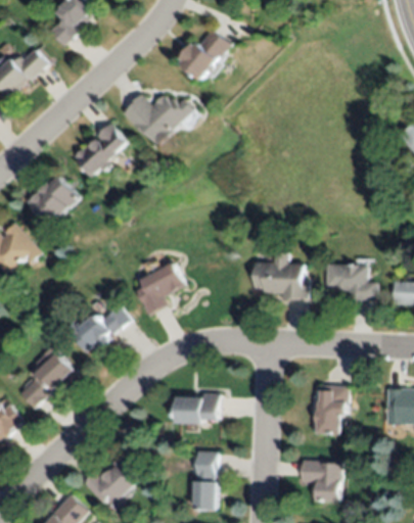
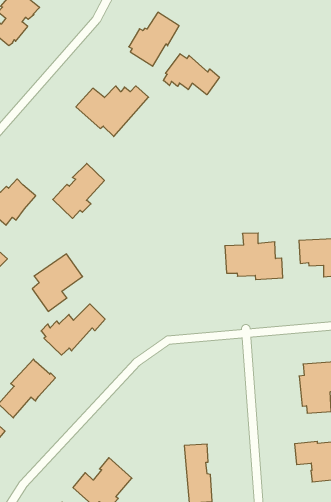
building: none -> [163,54,219,95]
building: [75,124,127,176] -> [53,163,104,218]
building: [135,262,185,316] -> [32,254,83,311]
building: [176,392,219,424] -> none

